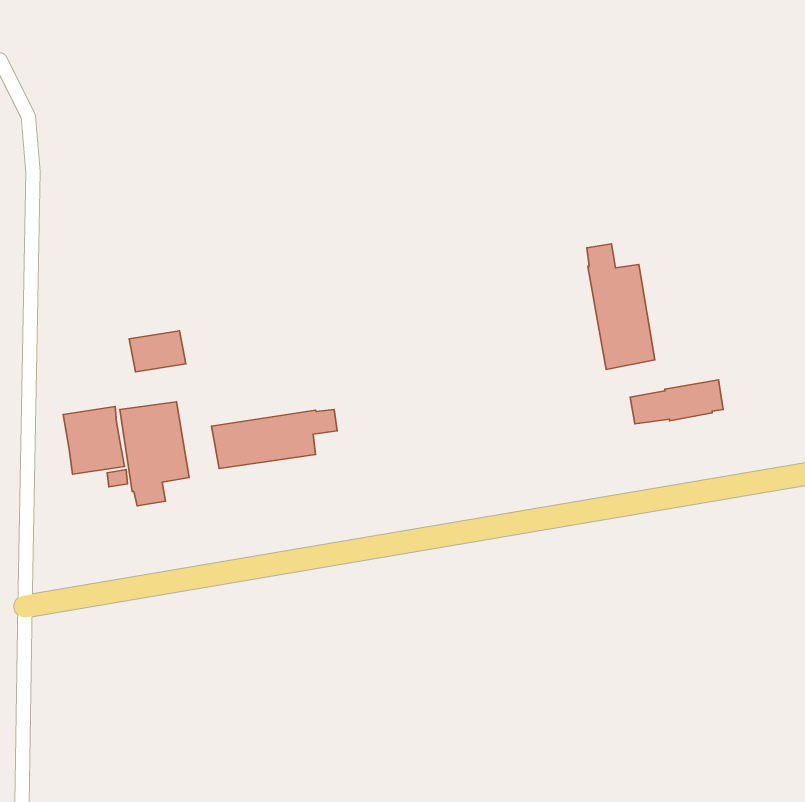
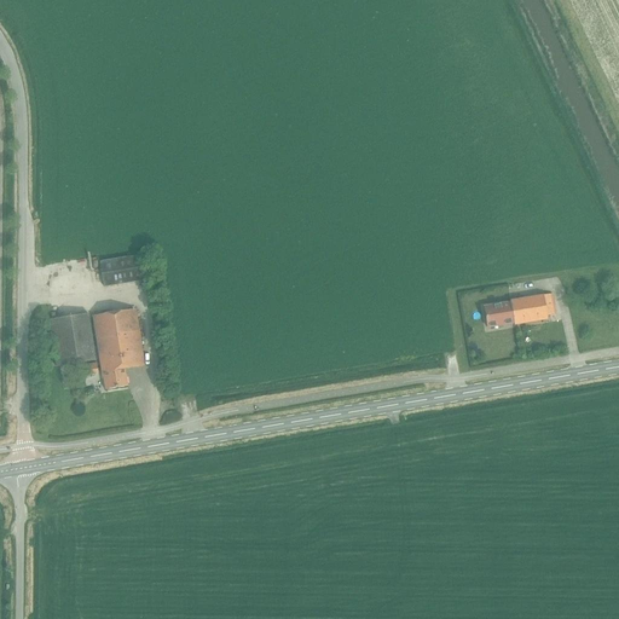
building: [587,244,655,370] -> none
building: [212,409,337,469] -> none

